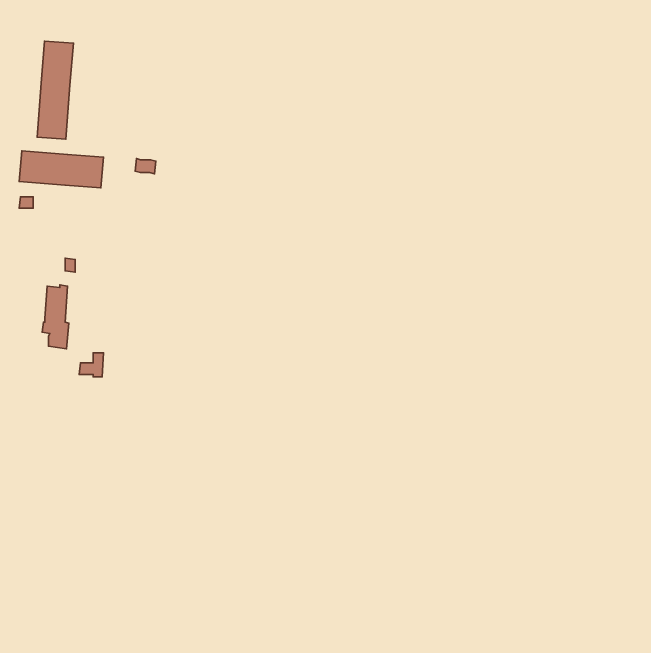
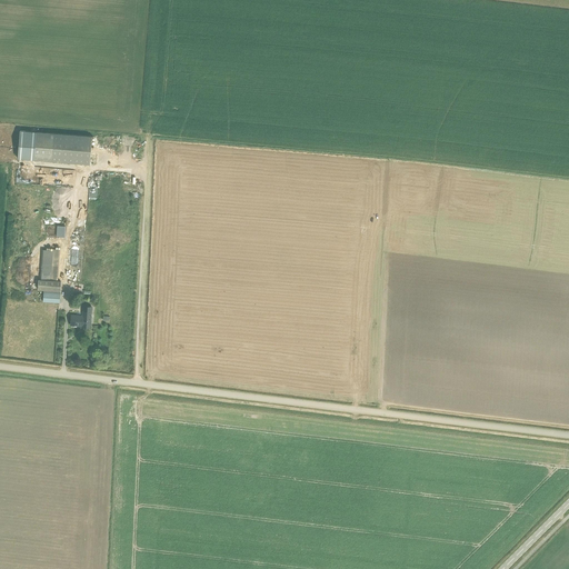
building: [37,41,73,139] -> none

